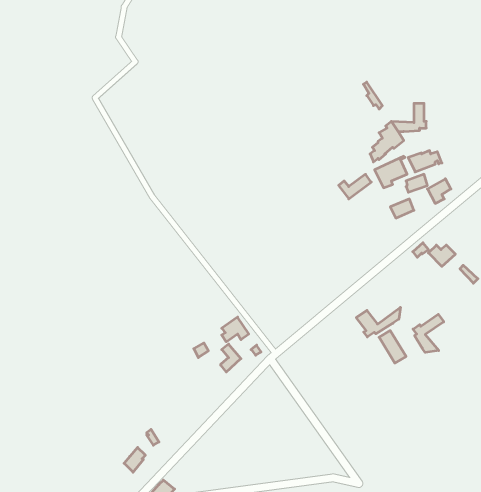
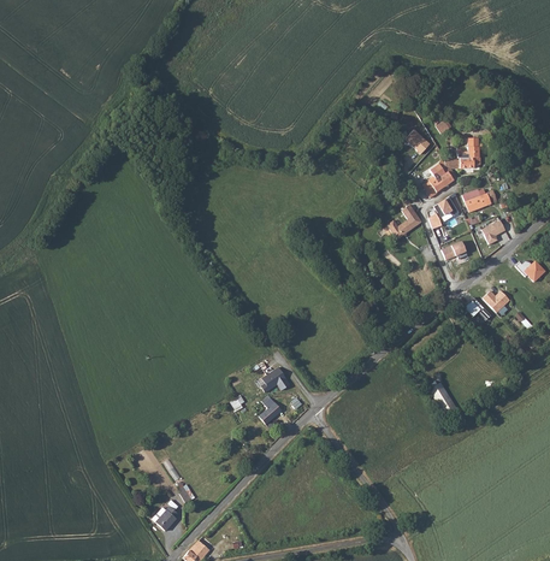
building: [356,307,400,337] -> none
building: [413,314,444,352] -> none

